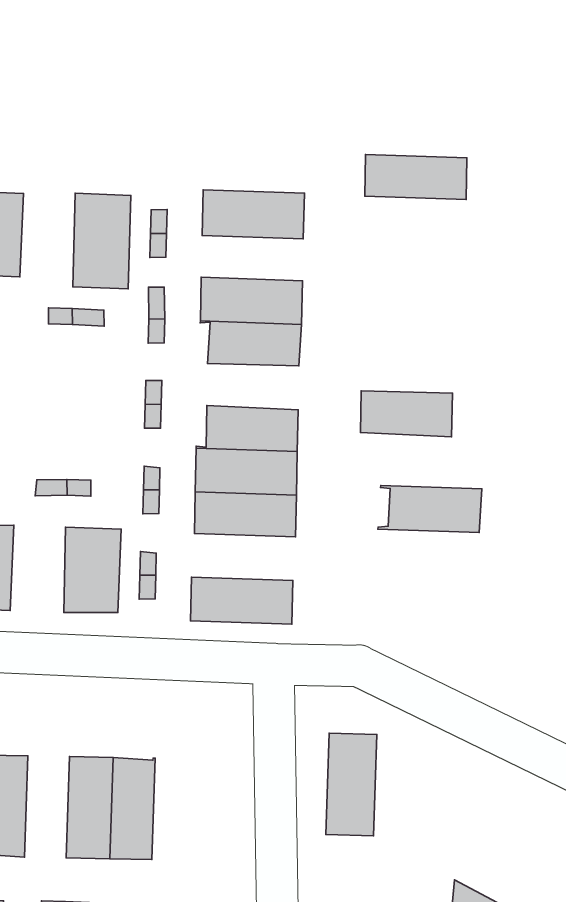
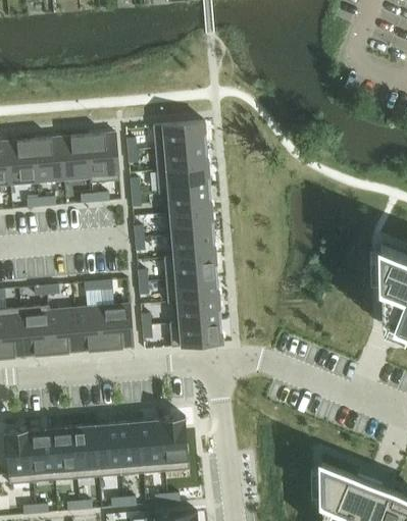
building: [365,154,467,200] -> [154,145,208,170]
building: none -> [60,135,91,183]
building: [360,391,453,437] -> [164,210,213,236]
building: [378,486,482,533] -> [167,298,220,324]
building: none -> [74,306,105,352]
building: [326,733,377,836] -> [160,417,189,471]
building: none -> [95,423,120,477]

